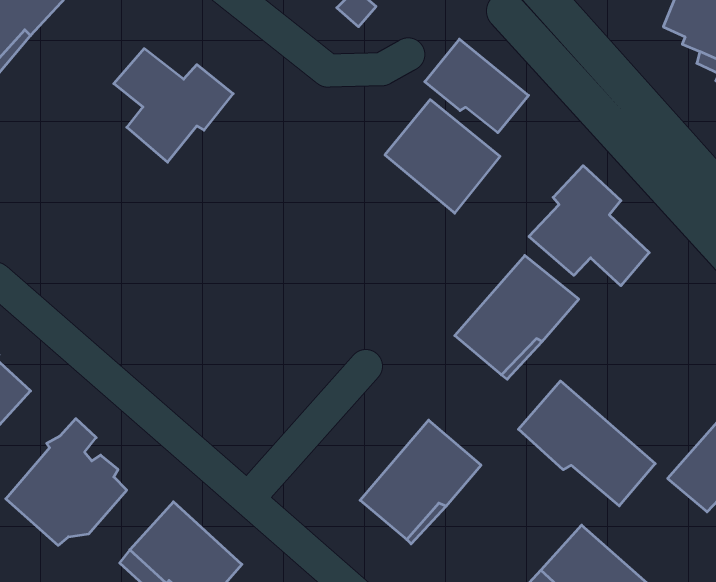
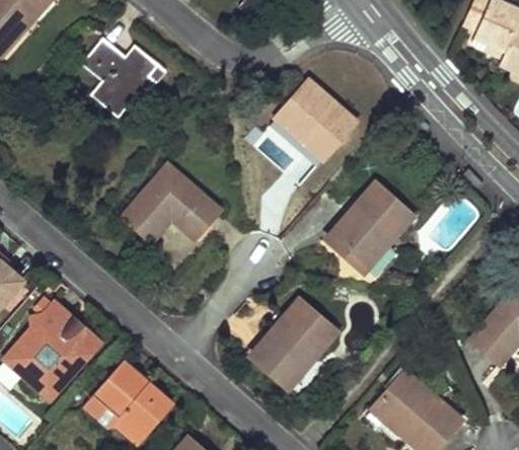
building: [425,39,529,133] -> none
building: [529,166,649,286] -> none
building: none -> [128,166,223,241]
building: [518,381,655,506] -> none

